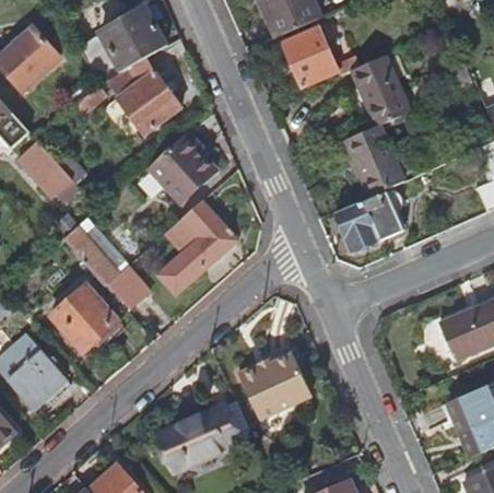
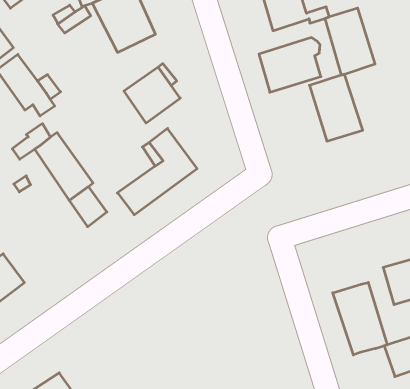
building: [336,192,402,254] -> [259,38,321,92]
building: [54,284,119,350] -> none
building: none -> [333,282,387,355]
building: [238,354,310,418] -> none
building: [156,400,249,467] -> none

